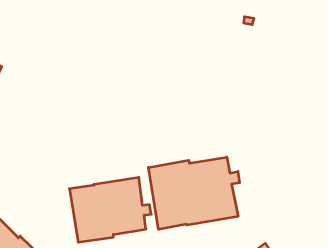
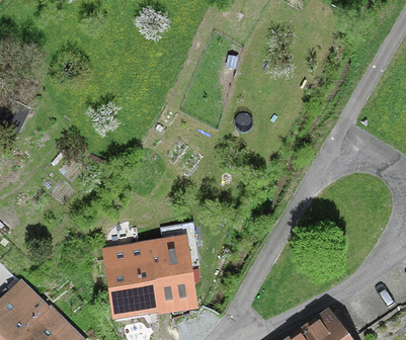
building: [148,157,240,229] -> none

